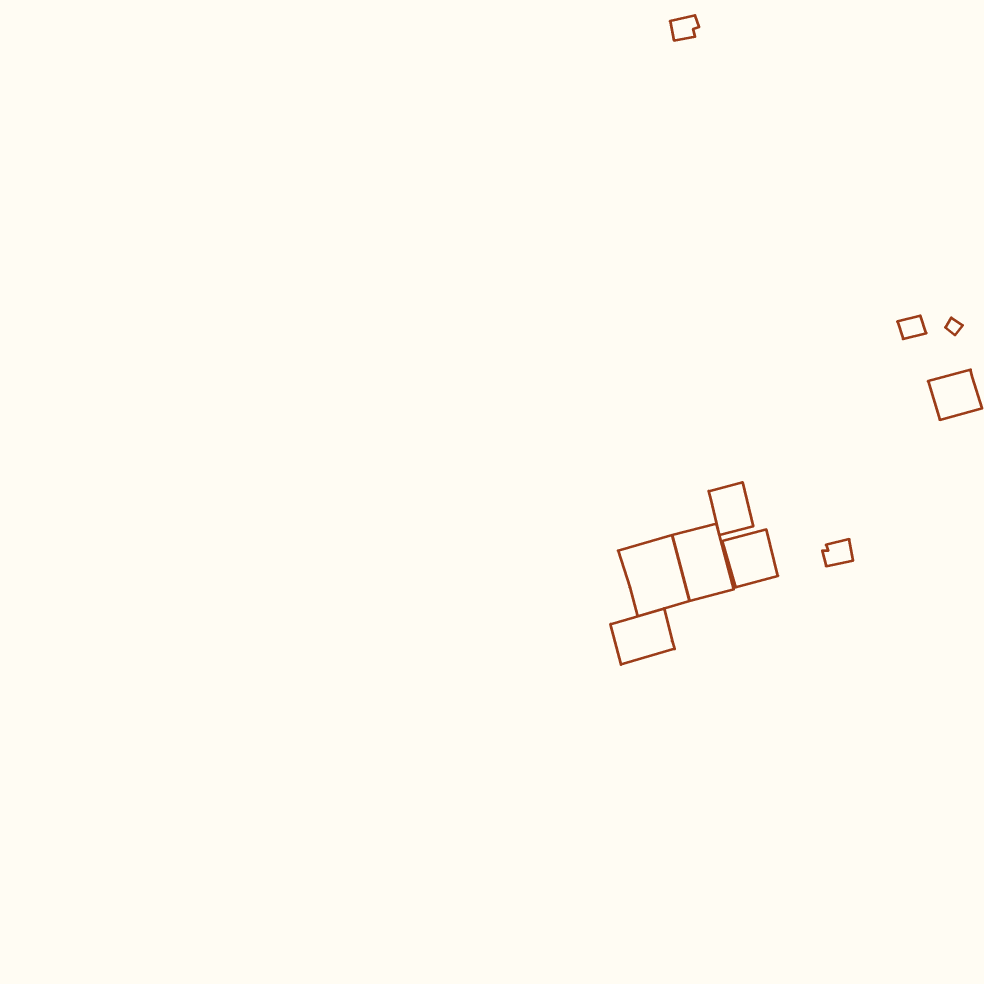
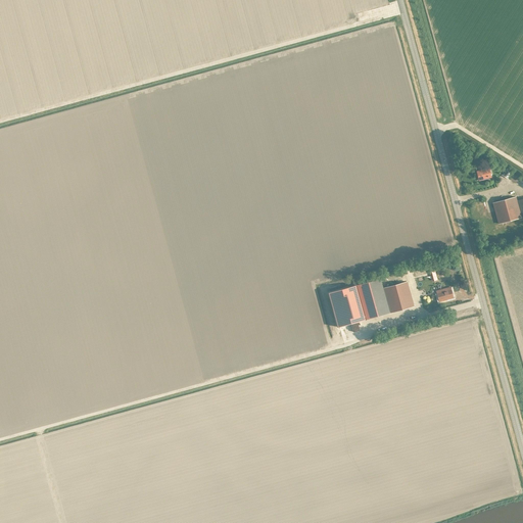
building: [709,482,753,535] -> none
building: [611,608,675,665] -> none

